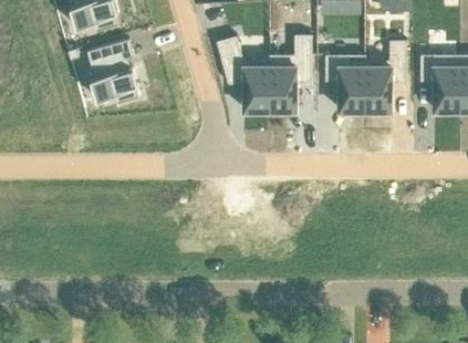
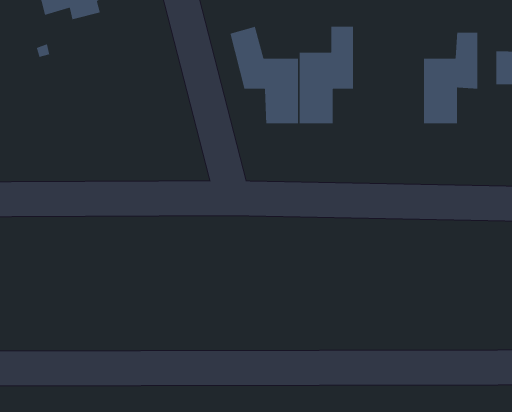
building: [85,40,136,104] -> none
building: [323,54,363,111] -> none

